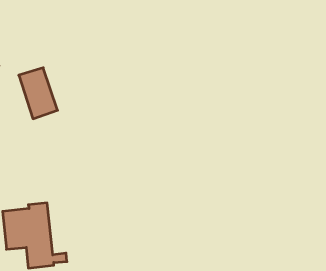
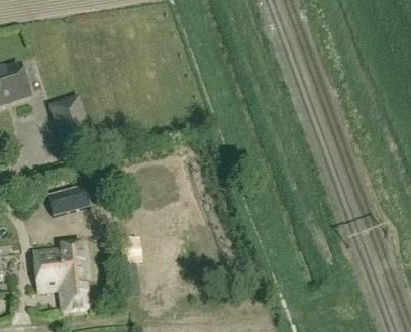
building: none -> [49,186,90,213]

